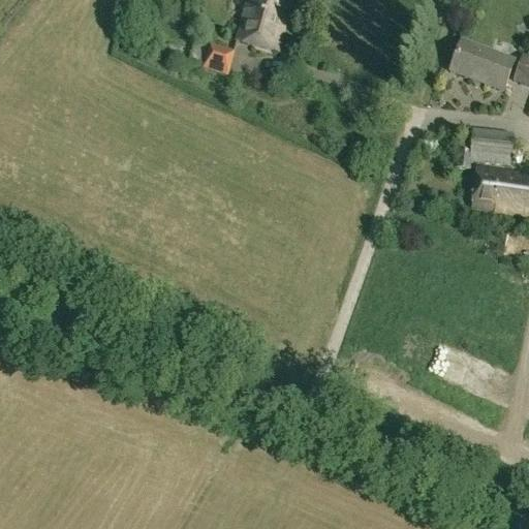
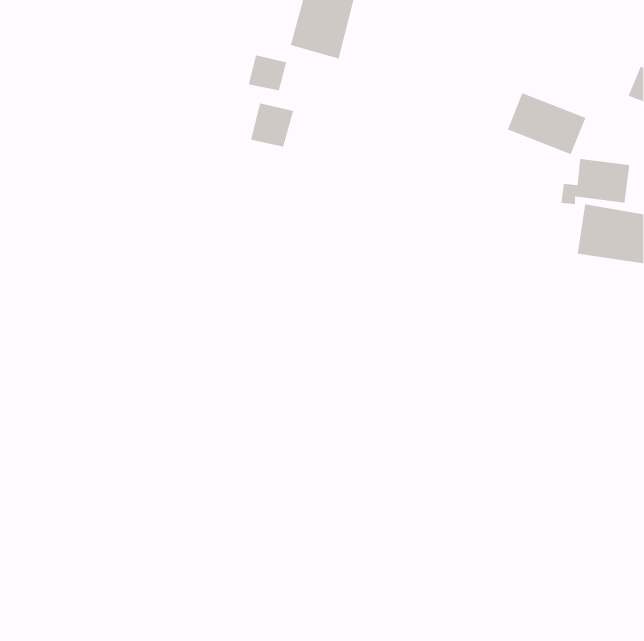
building: [450,38,516,90] -> [507,92,586,155]
building: none -> [250,103,294,148]

